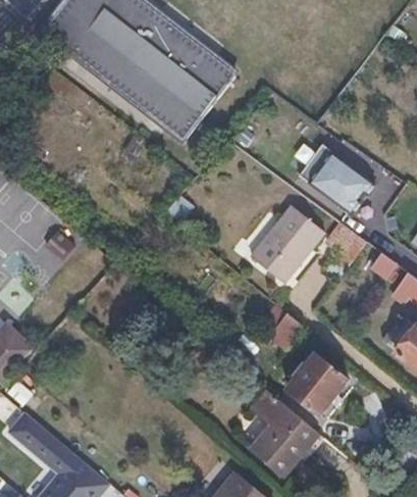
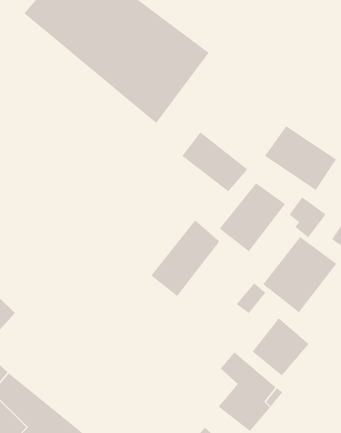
building: none -> [181,131,248,192]
building: none -> [151,219,220,297]
building: none -> [262,236,337,313]

